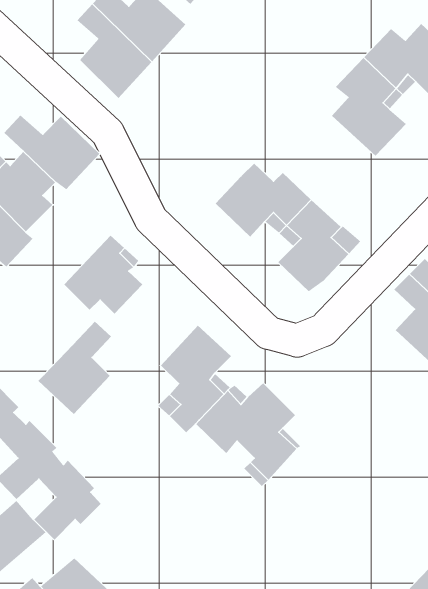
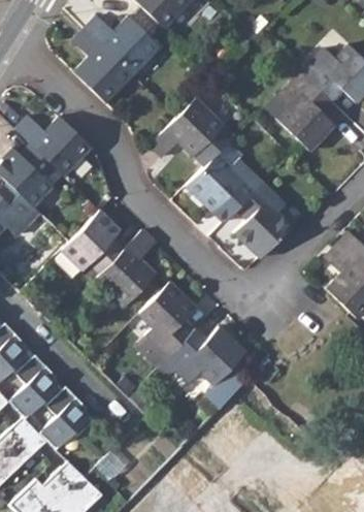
building: none -> [150,96,234,164]
building: [37,321,112,415] -> [98,231,157,306]

